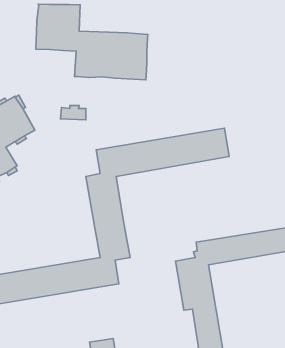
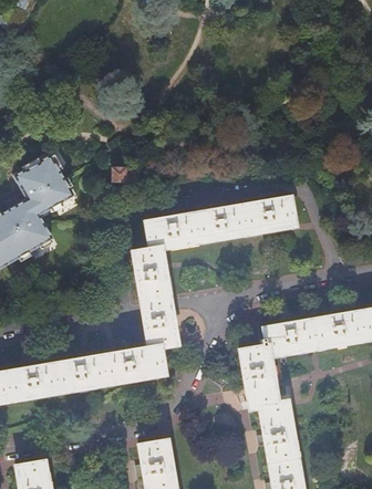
building: [36,4,148,80] -> none

